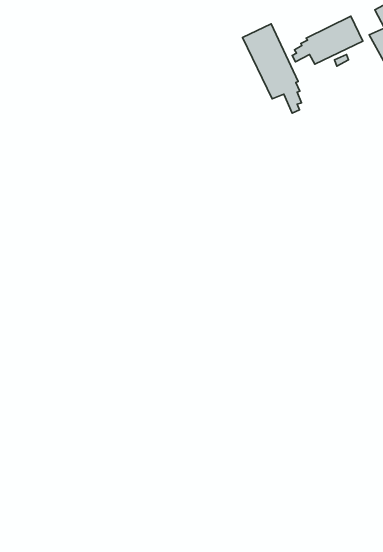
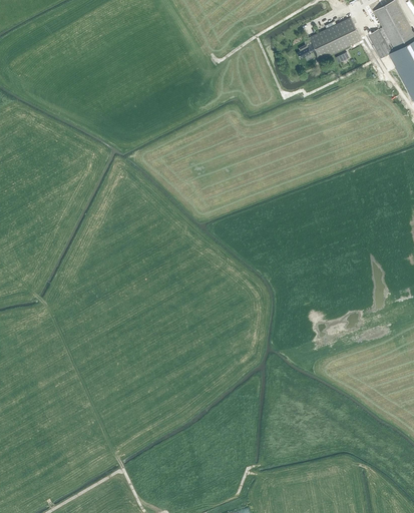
building: [243,24,301,113] -> none

